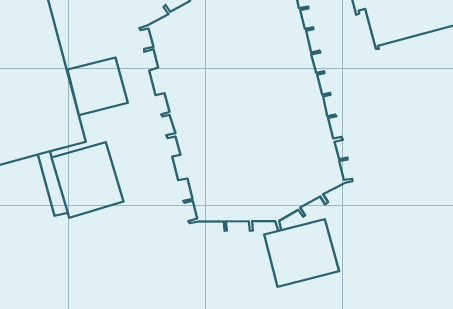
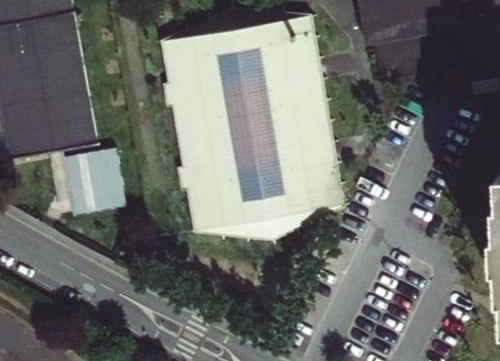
building: [67,57,128,115] -> none
building: [264,219,339,287] -> none

